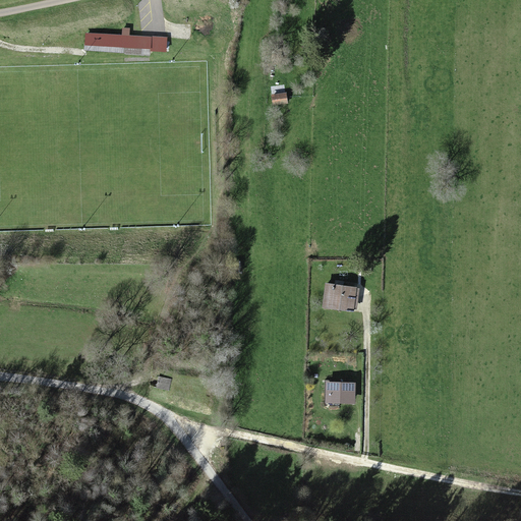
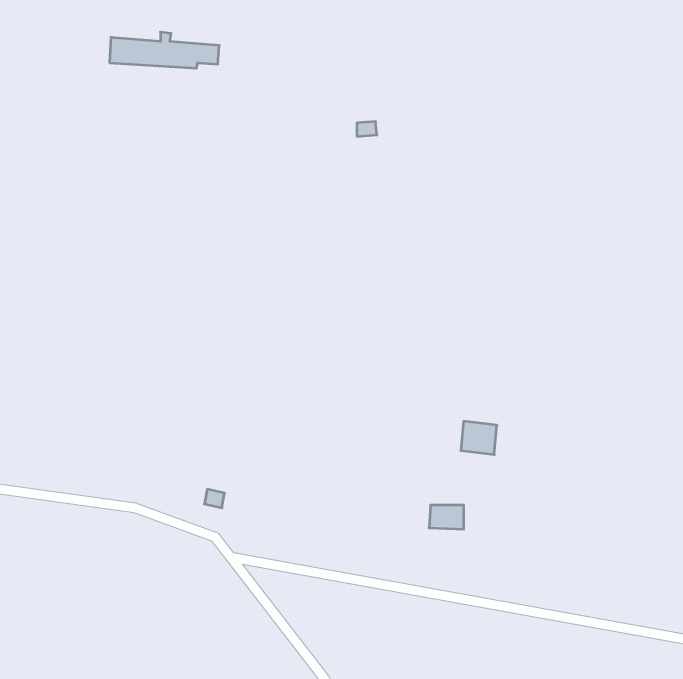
building: [328,287,355,312] -> [461,421,497,455]

